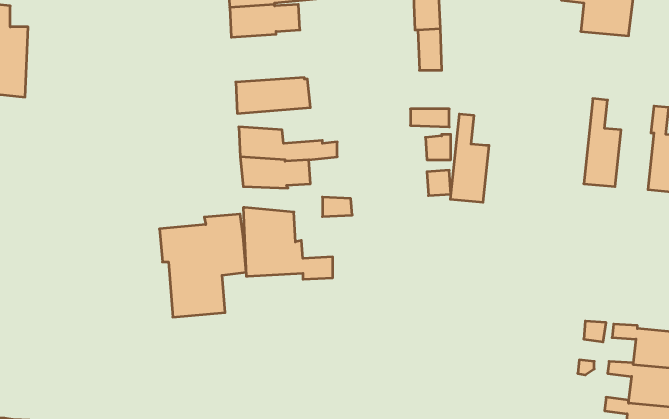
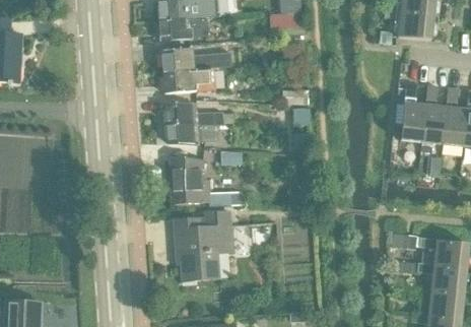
building: none -> [162,49,231,71]
building: [450,114,489,202] -> [421,84,448,144]
building: [159,214,246,317] -> [174,209,232,279]

